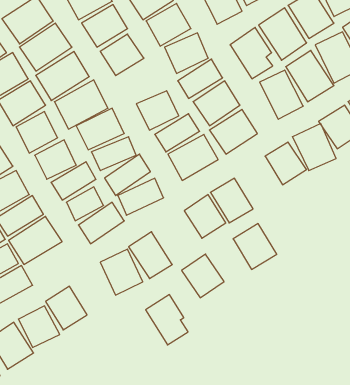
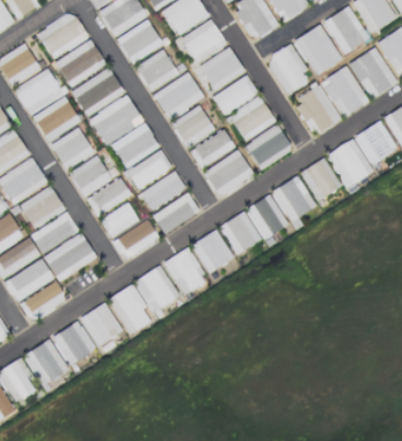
building: none -> [153,71,204,119]
building: [233,224,277,269] -> [272,175,316,221]
building: [182,254,224,298] -> [191,229,234,272]
building: [146,295,188,345] -> [108,283,151,334]

